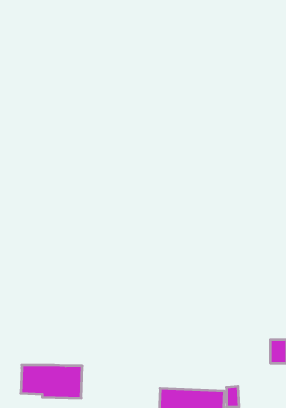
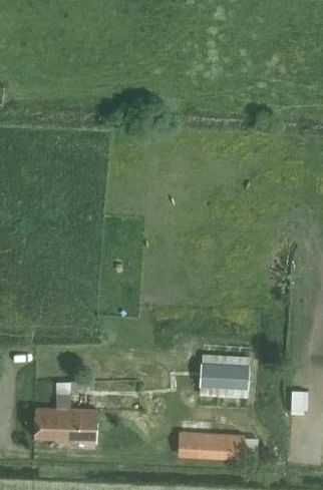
building: none -> [200,363,249,389]

